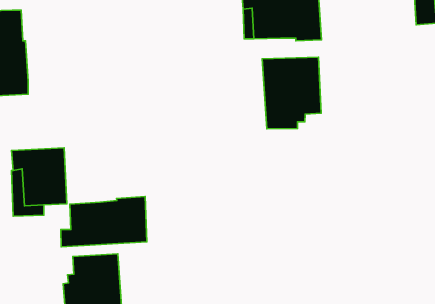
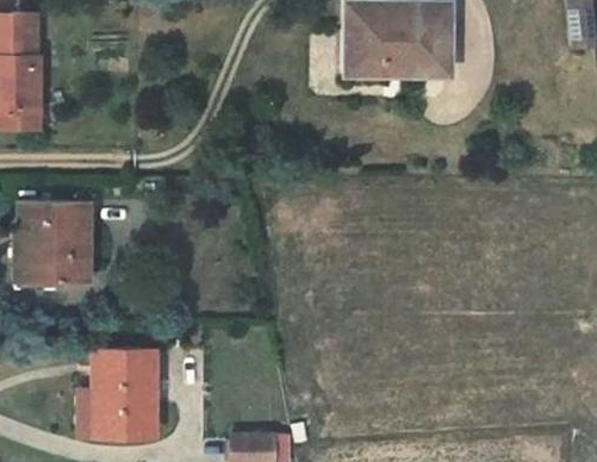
building: [262,57,321,129] -> none
building: [61,196,147,247] -> none

